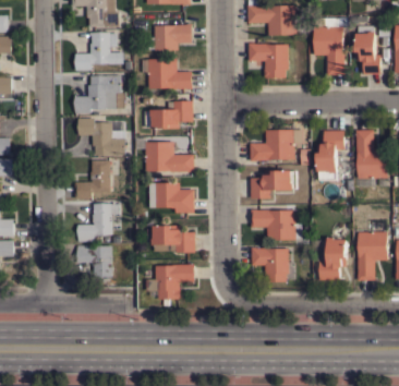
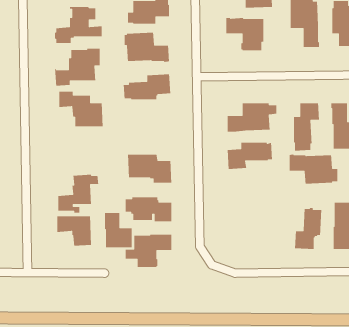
building: [142,141,193,172] -> none
building: [75,159,110,198] -> none
building: [251,208,301,240] -> [289,153,338,184]
building: none -> [104,212,132,248]
building: [251,248,288,282] -> none

